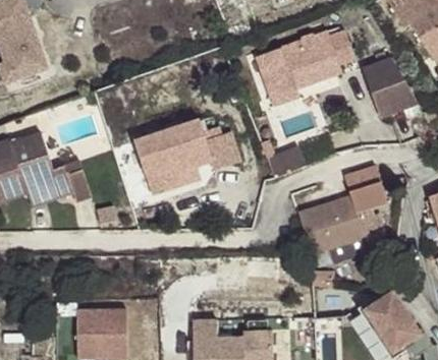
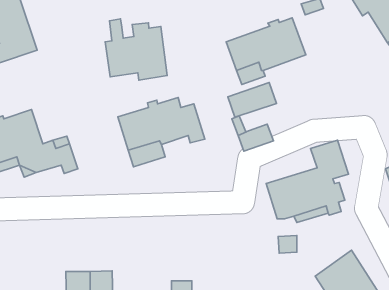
building: none -> [105,19,167,80]
building: [363,58,419,117] -> none
building: none -> [228,82,276,117]

